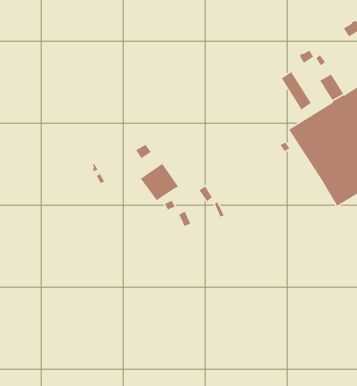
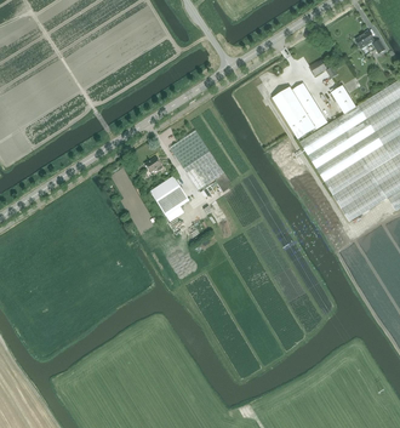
building: none -> [273,86,316,139]
building: none -> [170,130,223,190]

